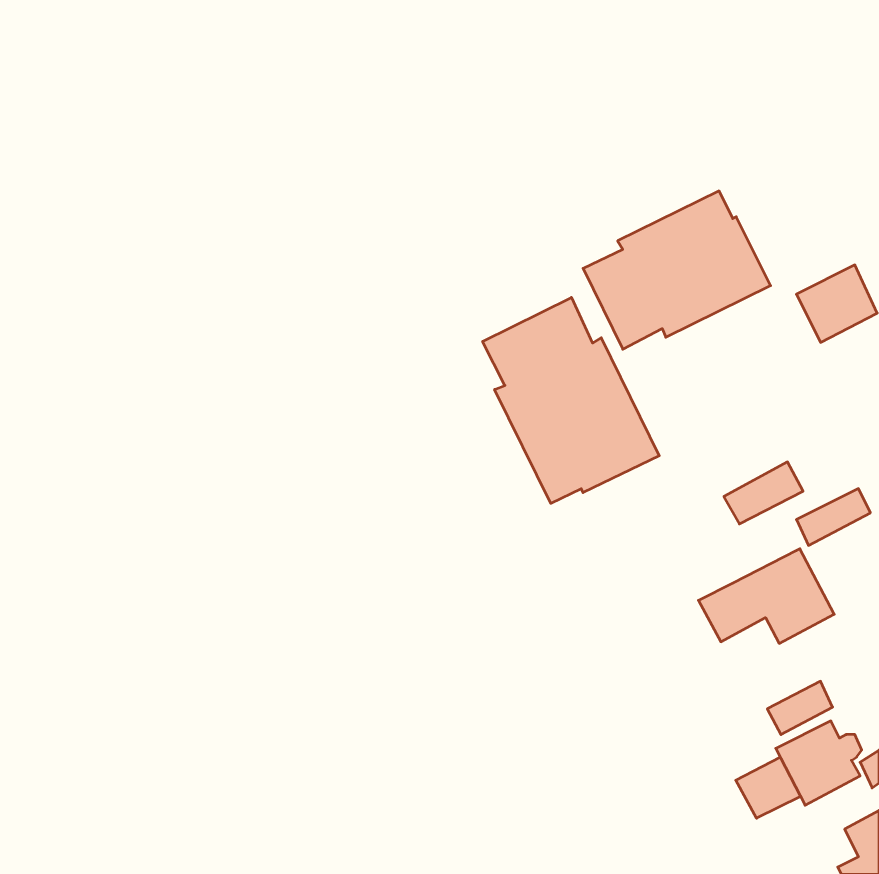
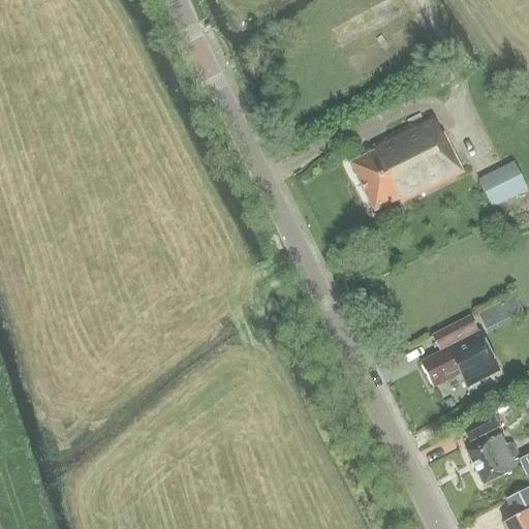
building: [483,297,659,503] -> none
building: [724,462,803,524] -> [431,313,478,350]
building: [736,757,801,818] -> none

